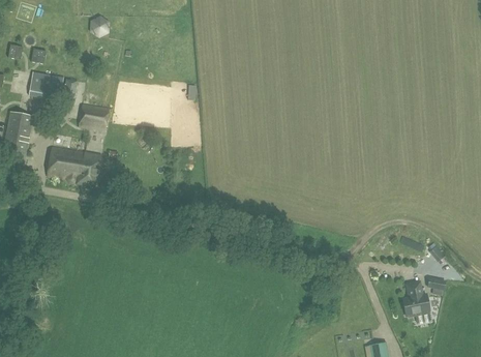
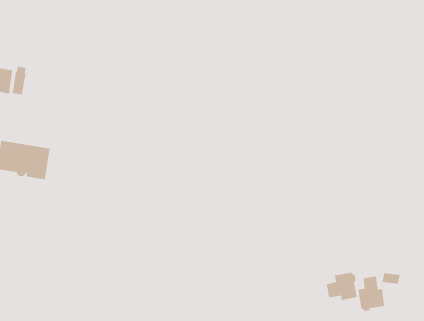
building: [78,103,109,131] -> none
building: none -> [326,272,357,301]

